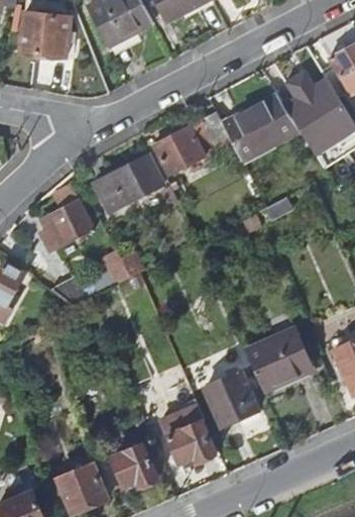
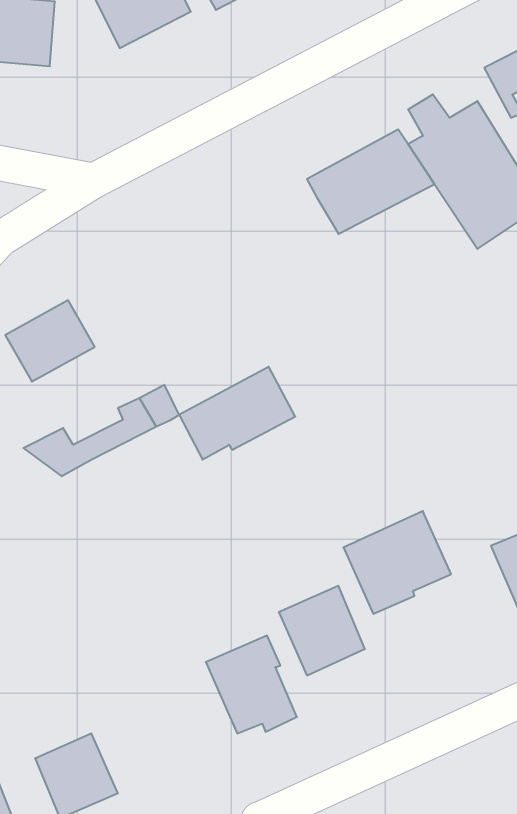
building: [153,112,228,175] -> none
building: [94,154,164,211] -> [179,367,295,460]
building: [100,444,158,489] -> none

